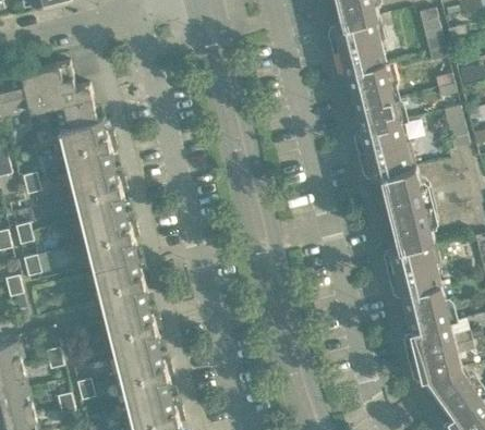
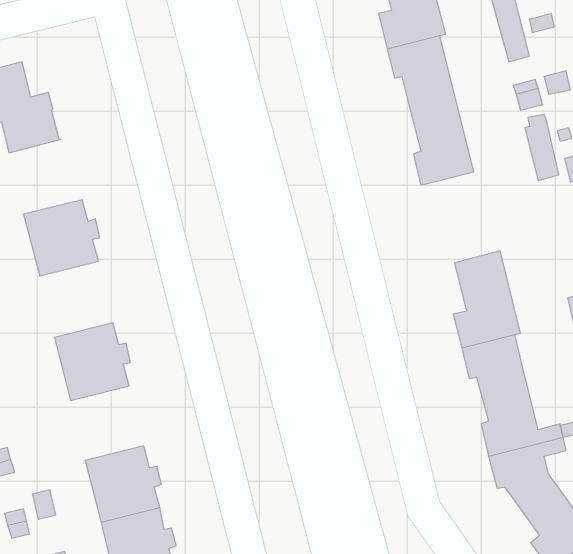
building: [58,116,113,174] -> none
building: [364,142,423,210] -> none
building: [81,209,136,266] -> none
building: [104,302,160,357] -> none

